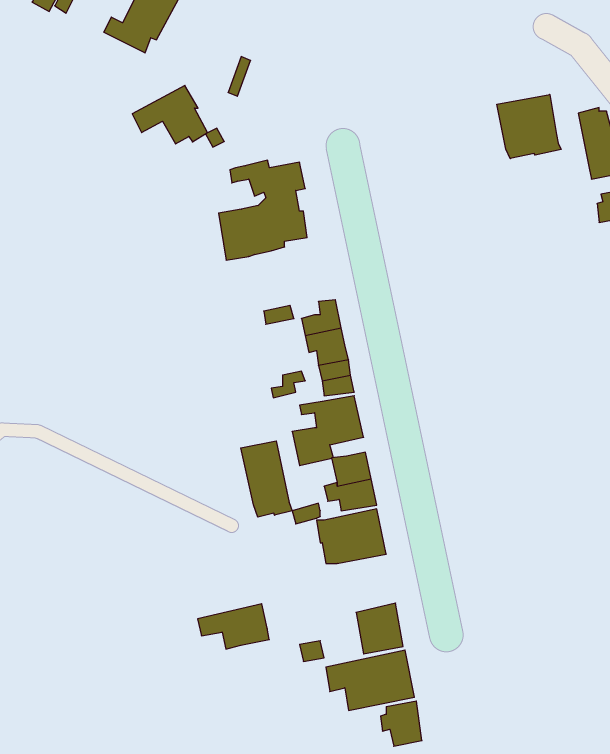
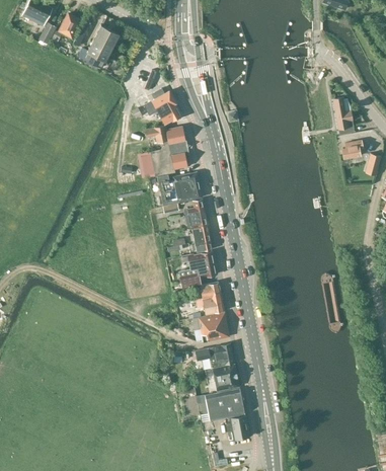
building: [132,85,208,144] -> [141,92,181,124]
building: [497,94,561,159] -> none
building: none -> [158,172,202,205]
building: [241,441,292,517] -> none
building: [198,604,269,649] -> [196,344,234,369]

